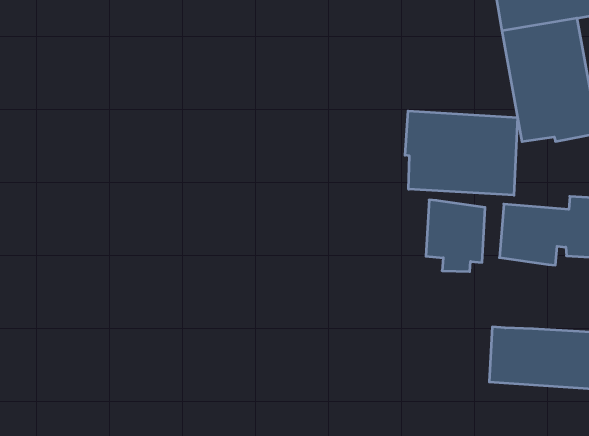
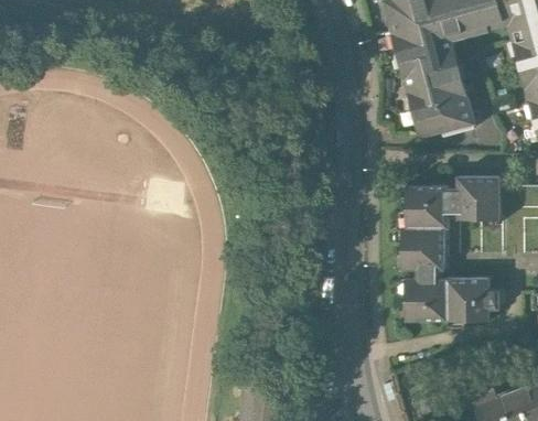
building: [405,111,518,195] -> none
building: [426,200,485,272] -> [402,227,446,280]

